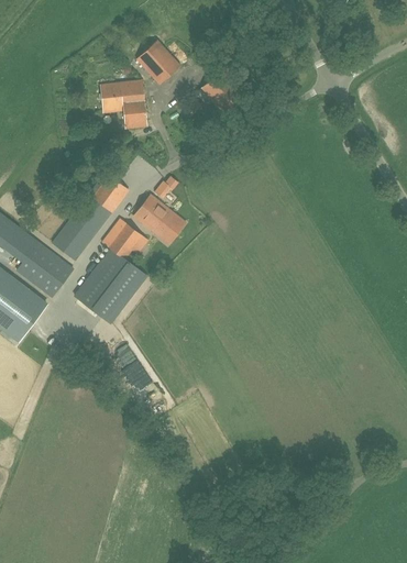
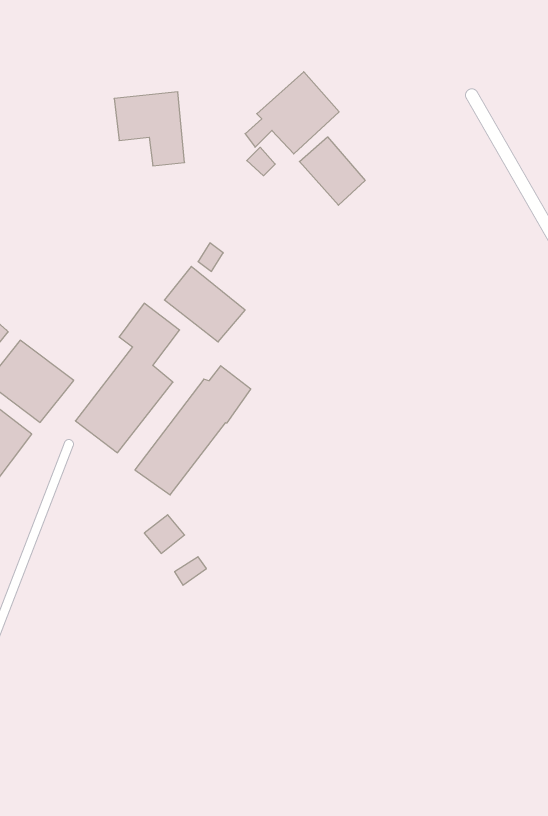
building: [136,41,180,85] -> none
building: none -> [299,137,365,205]
building: [52,175,128,260] -> [135,366,251,495]

